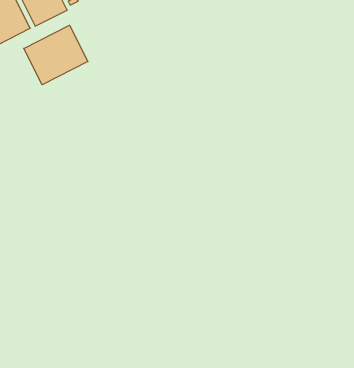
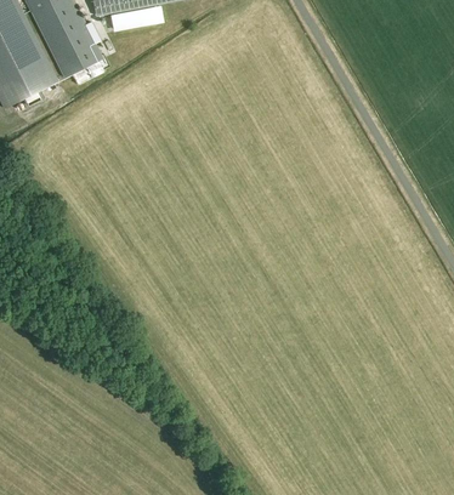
building: [24,25,88,85] -> none

